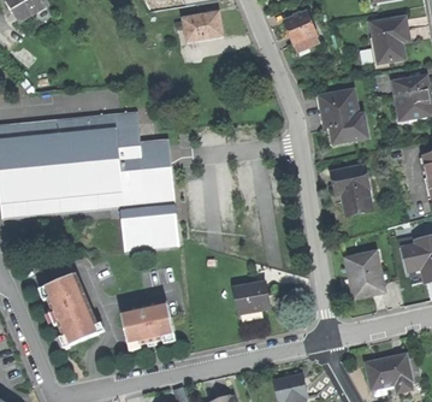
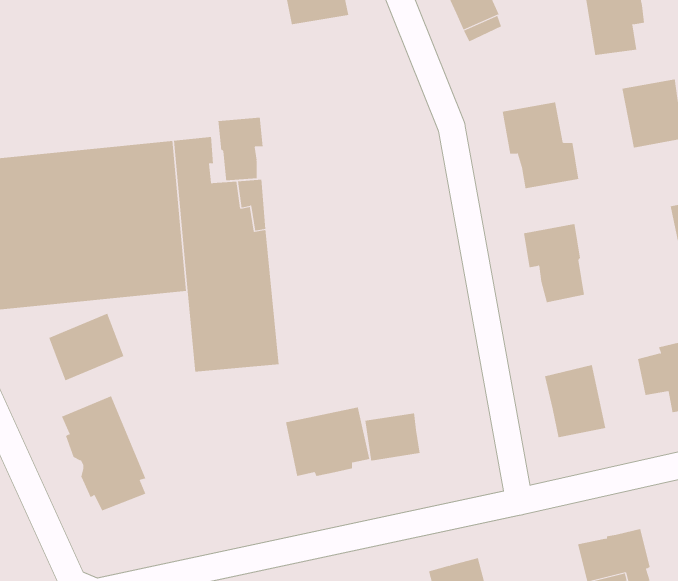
building: none -> [218,117,263,181]
building: none -> [48,313,124,381]
building: [119,300,172,343] -> [285,407,370,476]

